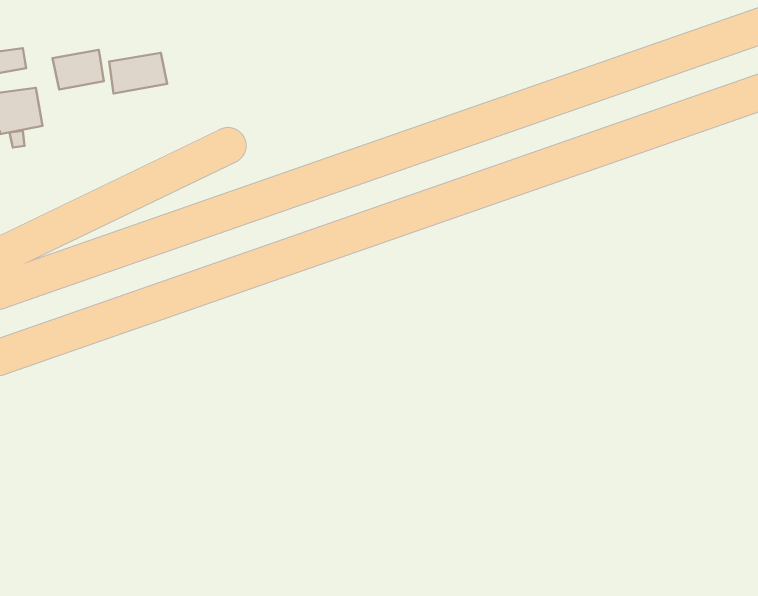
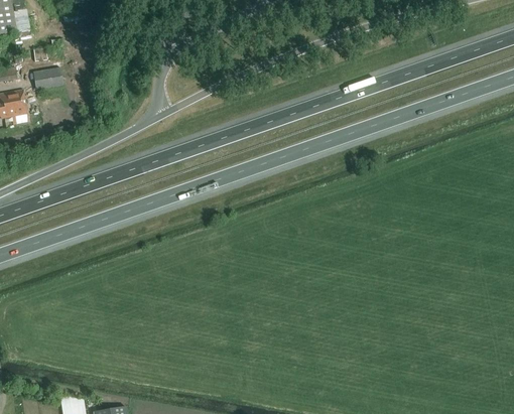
building: [109,53,167,94] -> none

